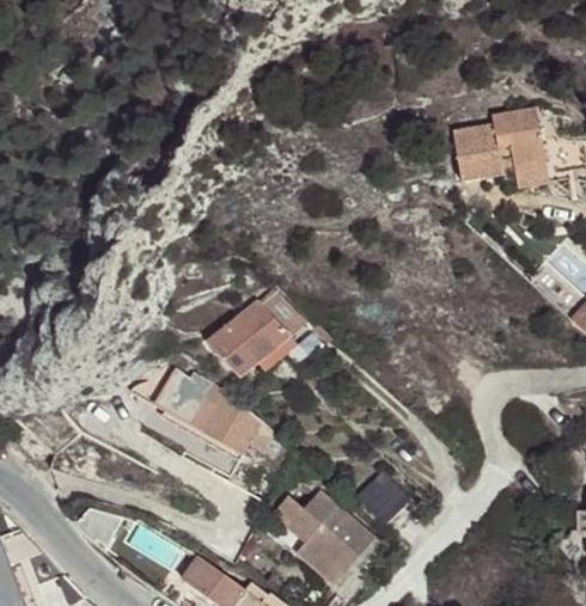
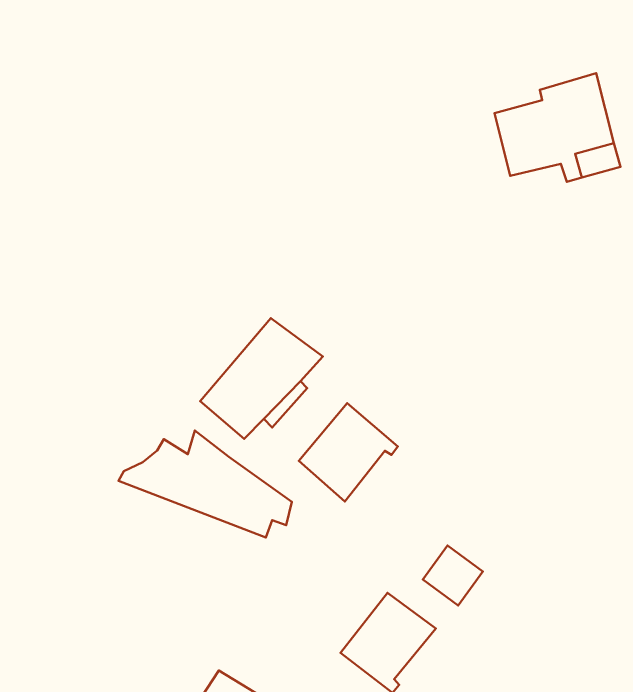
building: none -> [299,403,398,501]
building: [268,492,338,550] -> none

